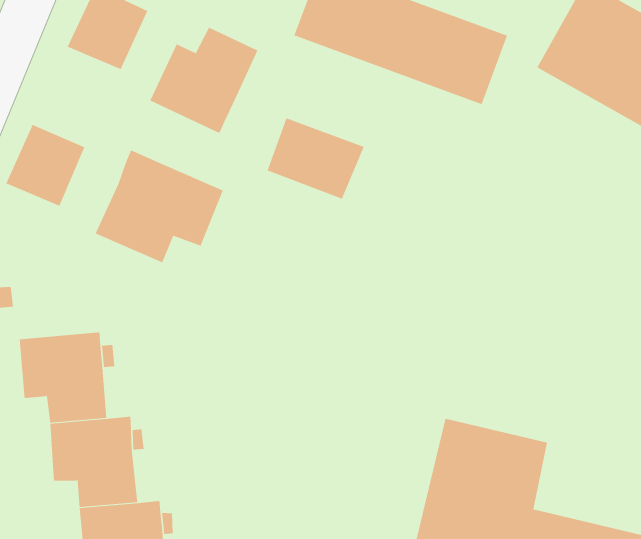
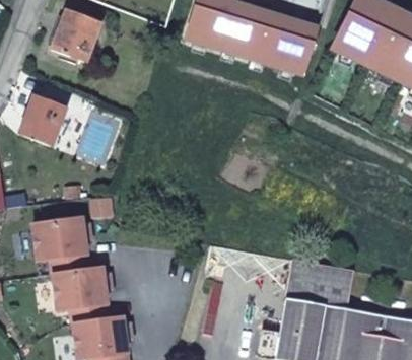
building: [150,27,258,134] -> none
building: [267,118,364,199] -> none
building: [95,150,224,263] -> none

